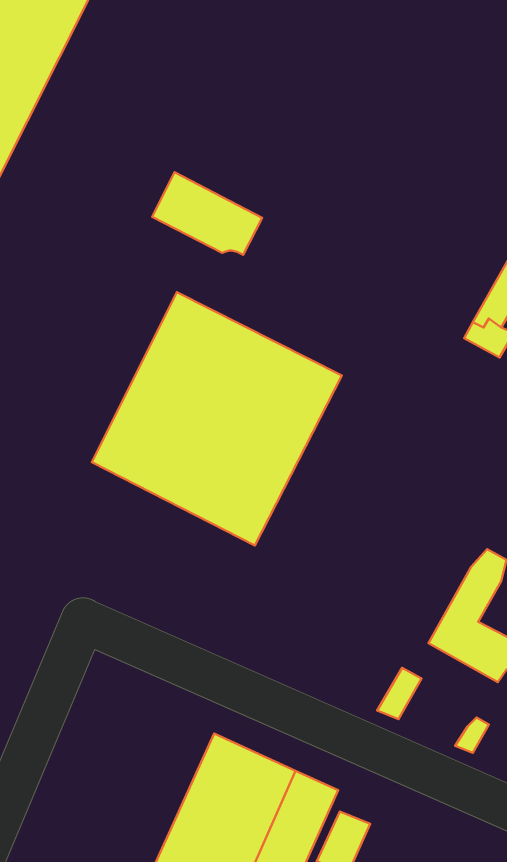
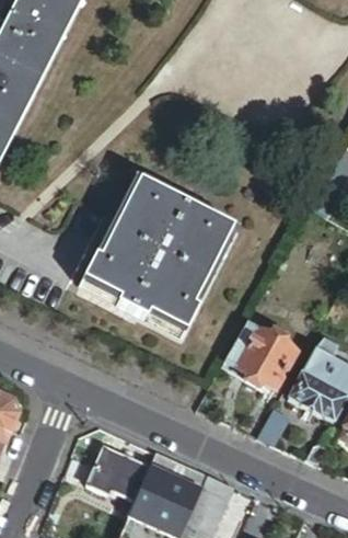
building: [152,172,262,255] -> none
building: none -> [223,323,295,389]
building: none -> [83,448,147,502]

